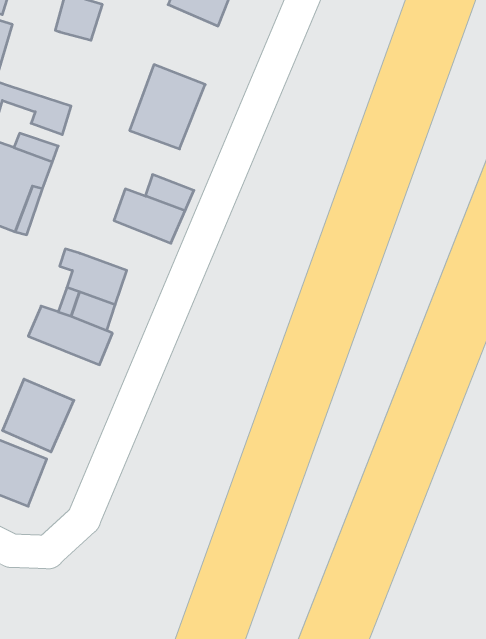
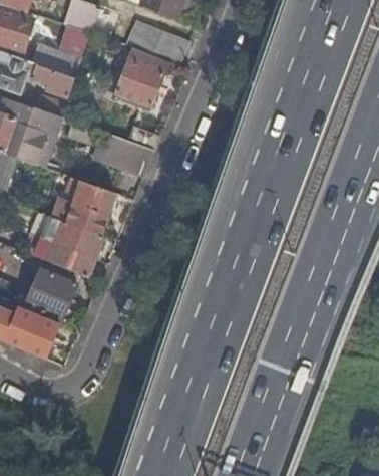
building: none -> [124,20,187,65]
building: none -> [30,24,89,76]
building: none -> [35,238,93,277]

